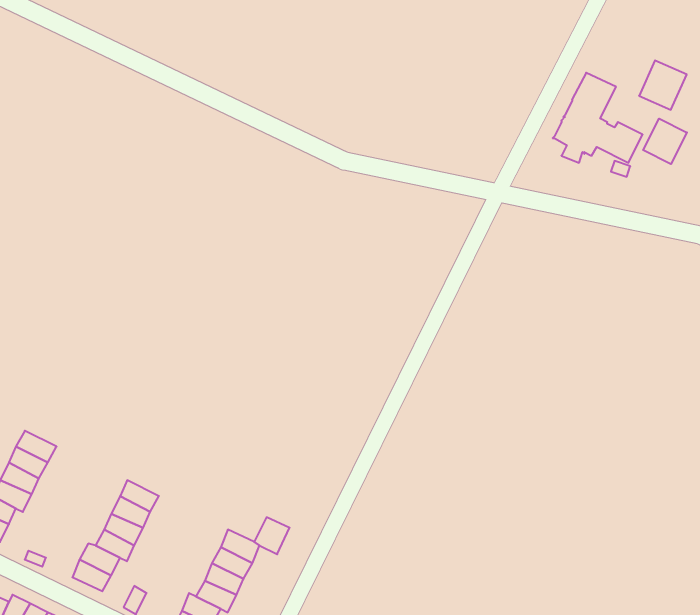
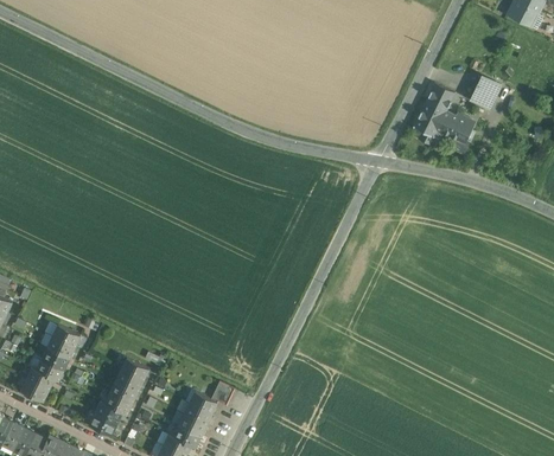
building: [643,119,687,164] -> none

